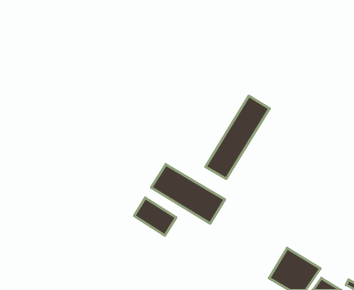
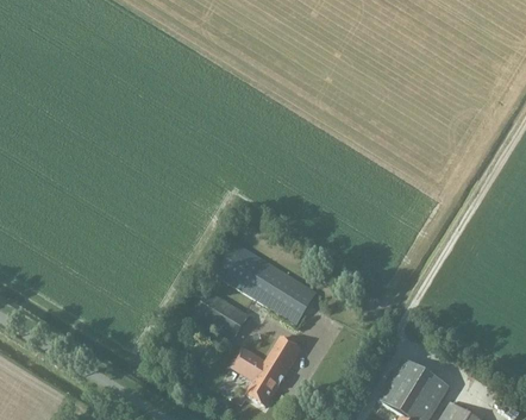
building: [206,96,270,179] -> none
building: none -> [233,338,302,408]

